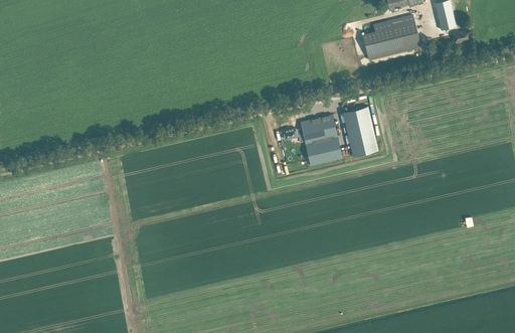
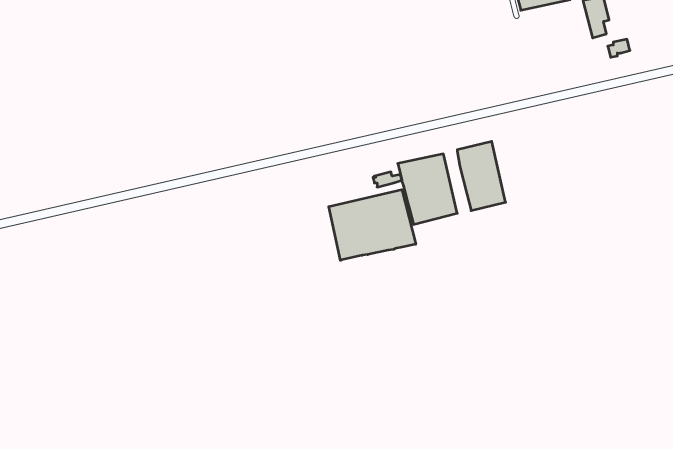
building: [362,14,420,59] -> none
building: none -> [329,190,416,260]

